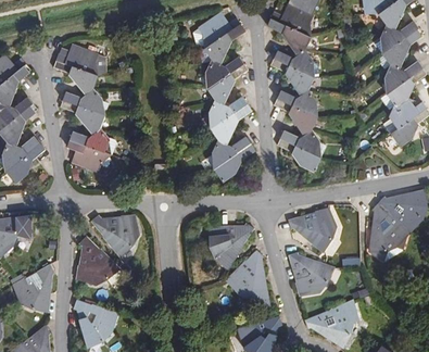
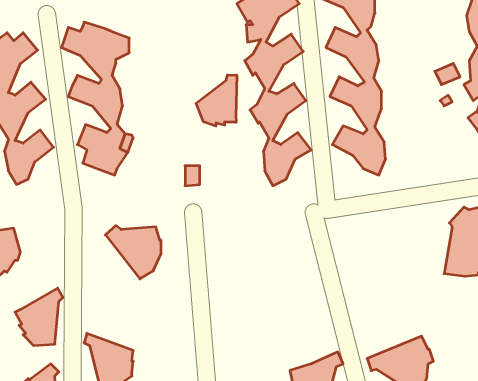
building: none -> [196,75,237,126]
building: [287,210,337,255] -> none
building: [207,223,255,269] -> none
building: [76,234,130,285] -> none
building: [227,250,270,310] -> none
building: [287,252,335,296] -> none

